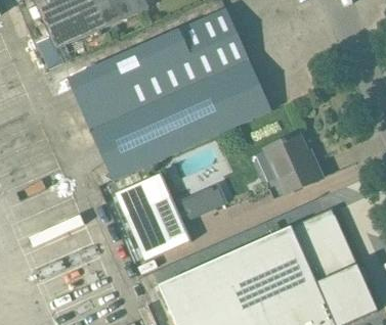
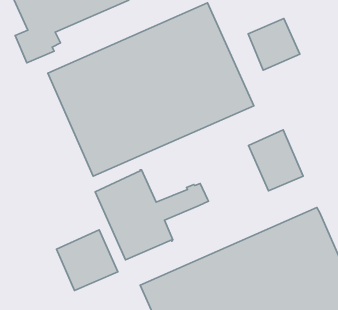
building: none -> [248,18,300,70]
building: none -> [57,230,118,290]

